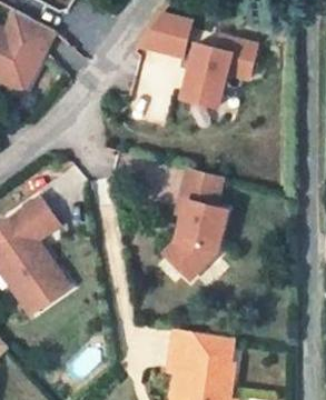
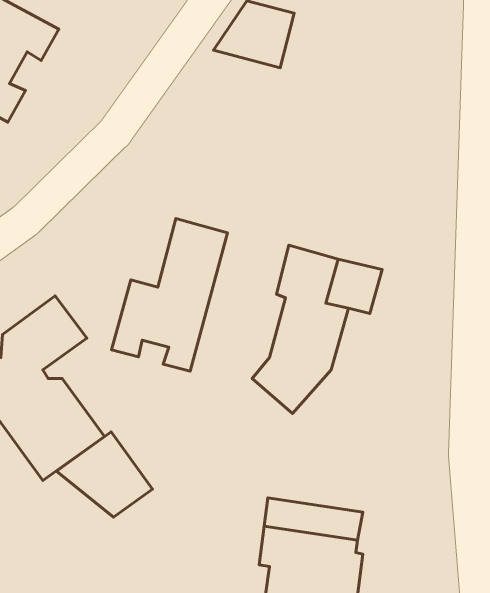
building: [180,36,256,106] -> none
building: none -> [112,218,228,371]
building: none -> [57,432,152,517]

